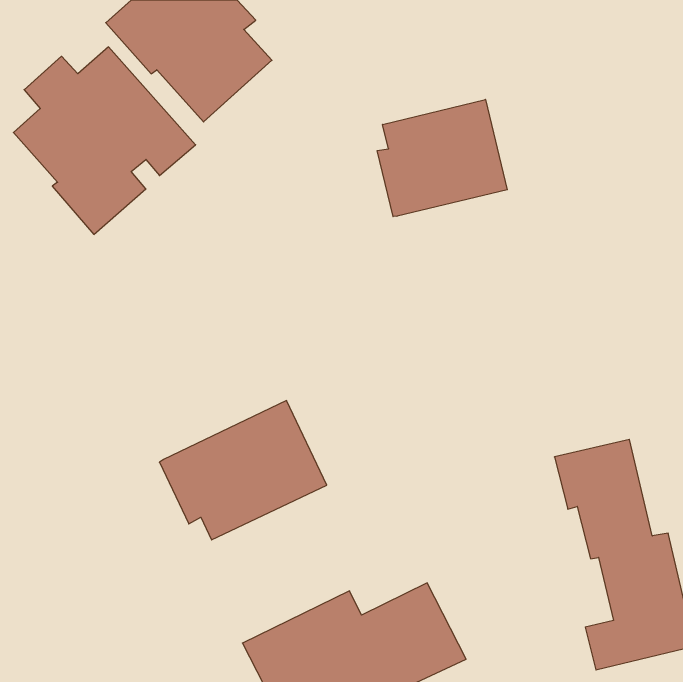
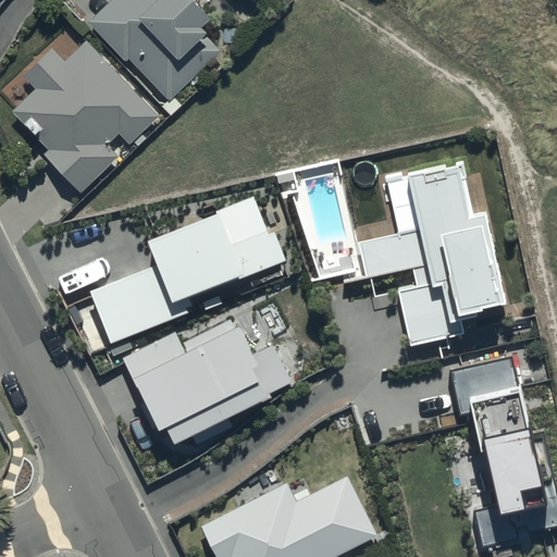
building: [377,99,507,217] -> none
building: none -> [357,163,509,346]
building: none -> [88,195,286,342]

